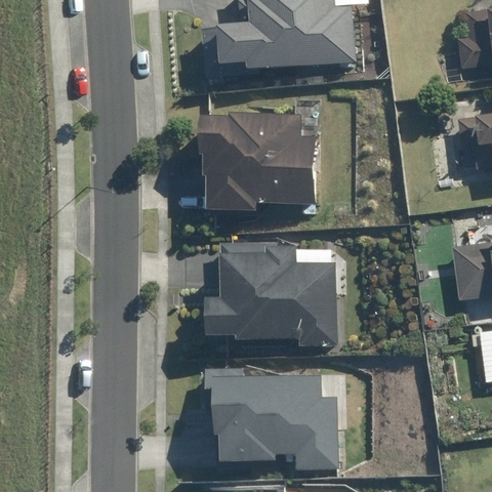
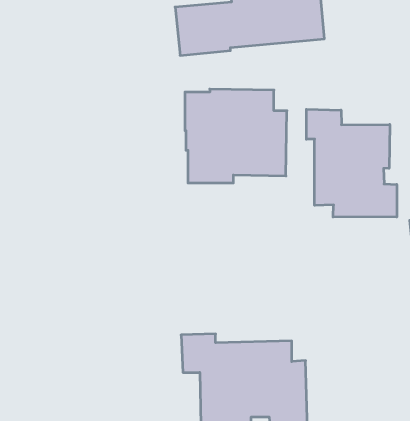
building: none -> [306,109,397,217]
building: [216,240,337,344] -> none

